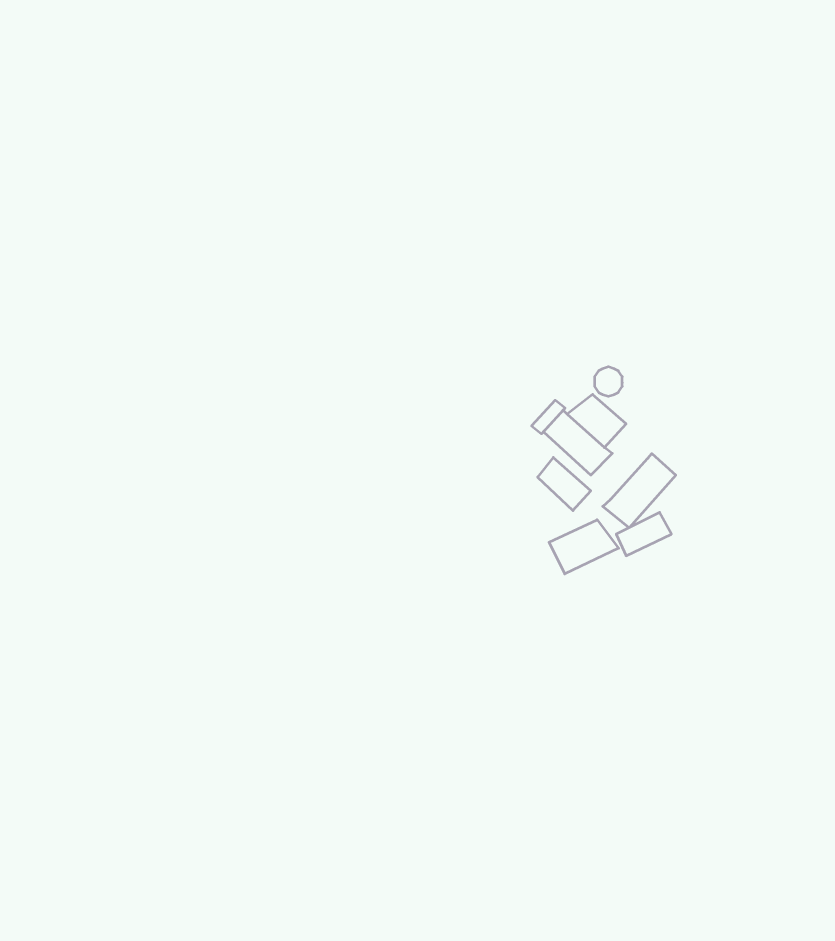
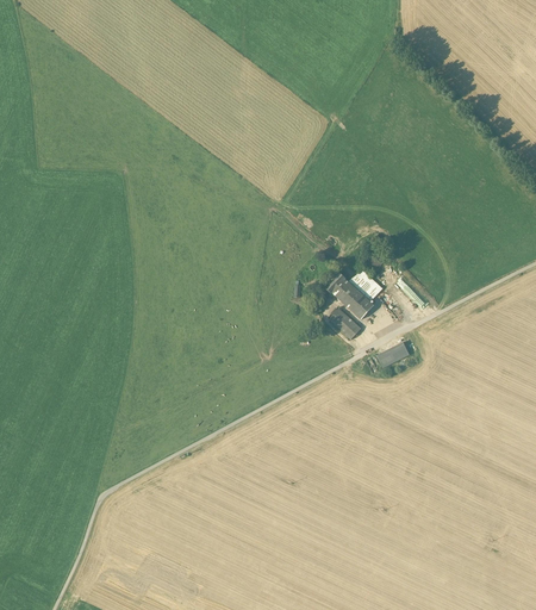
building: [603,454,676,528] -> none
building: [549,520,619,574] -> none

